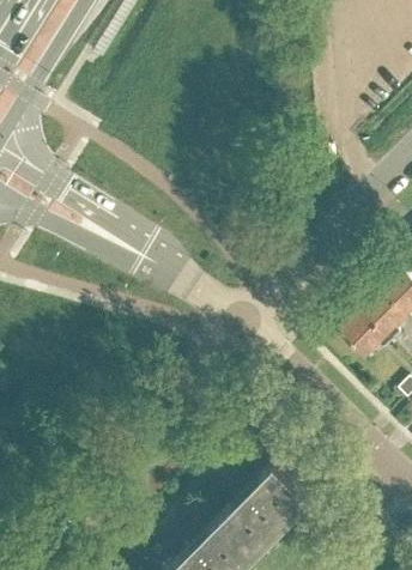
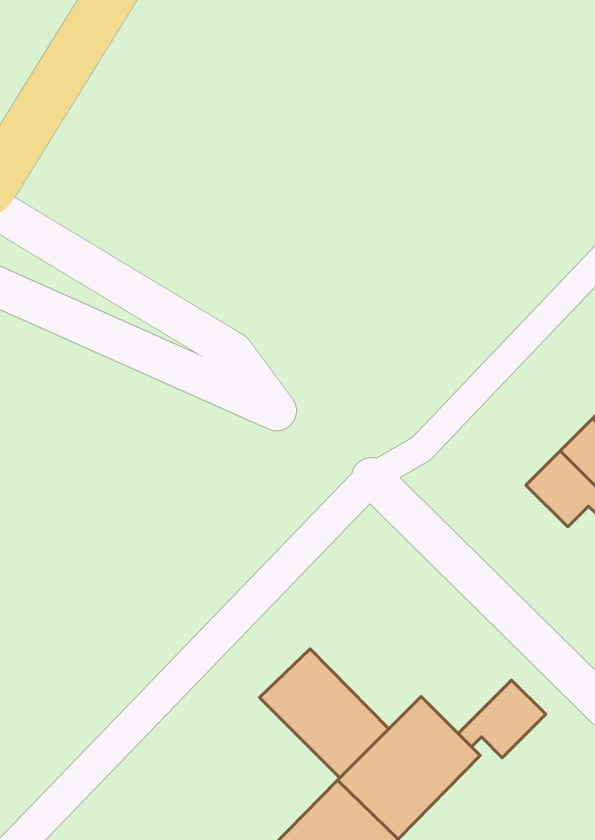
building: none -> [260,649,389,778]
building: none -> [458,680,546,758]

